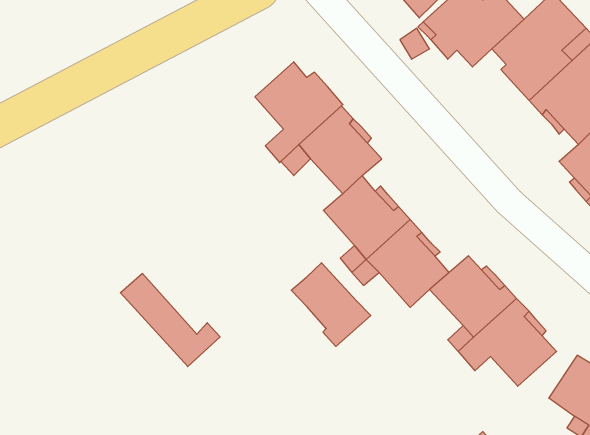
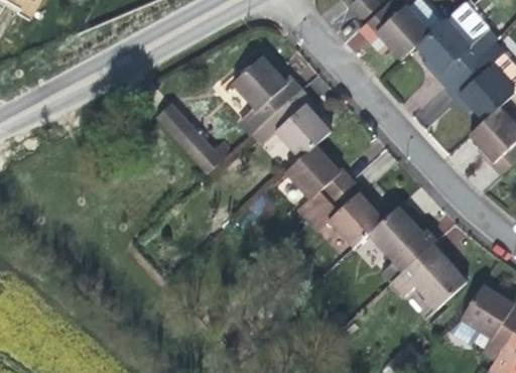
building: [291,263,371,346] -> none
building: [120,274,220,367] -> [154,104,232,176]

